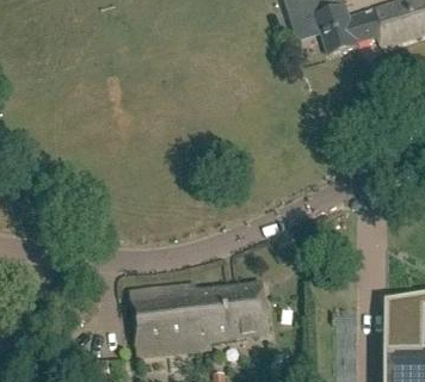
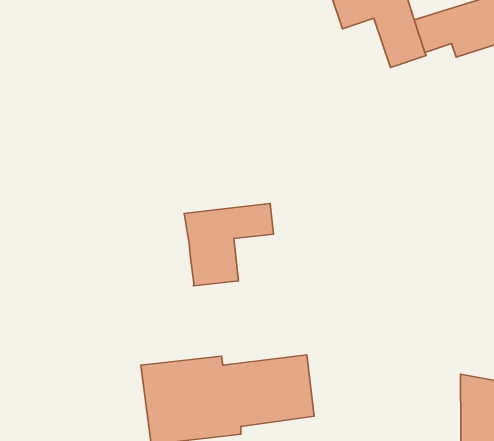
building: none -> [184,203,273,286]

